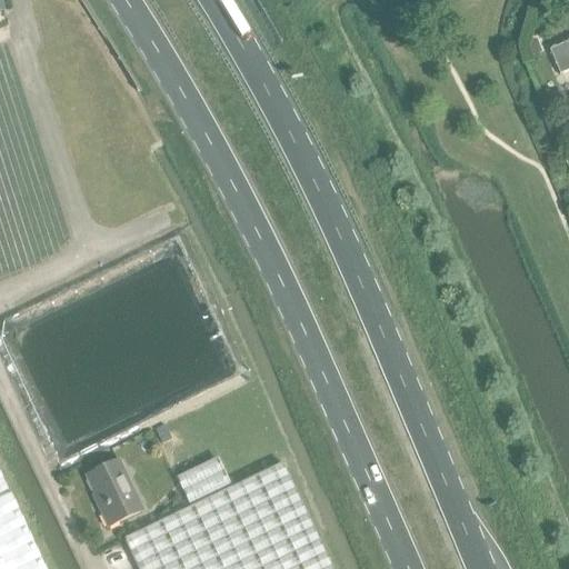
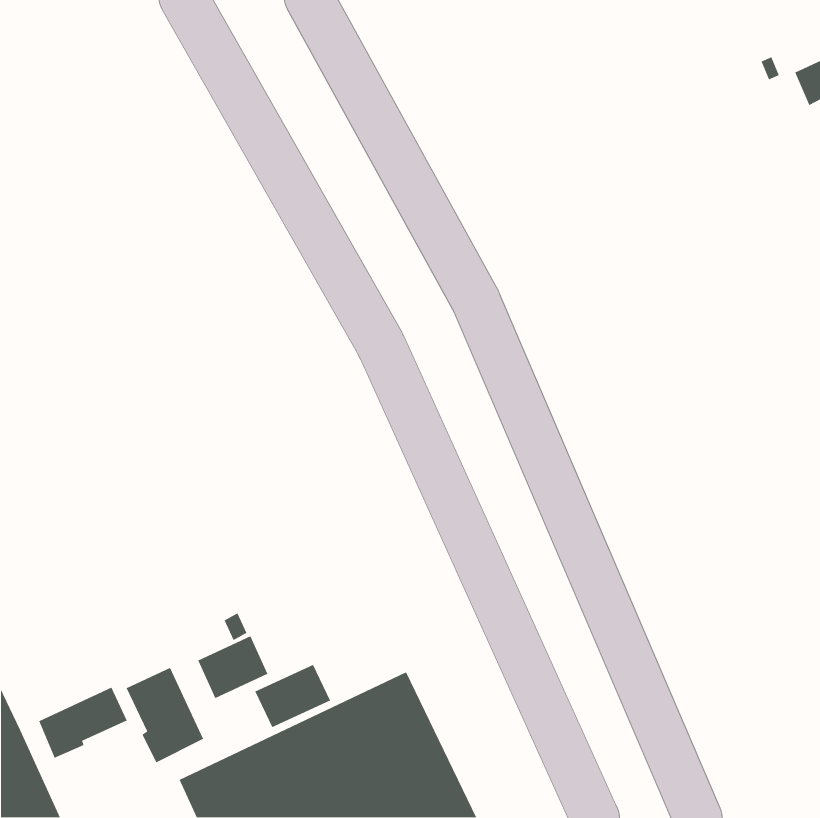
building: none -> [197,635,268,699]
building: none -> [38,687,128,759]

